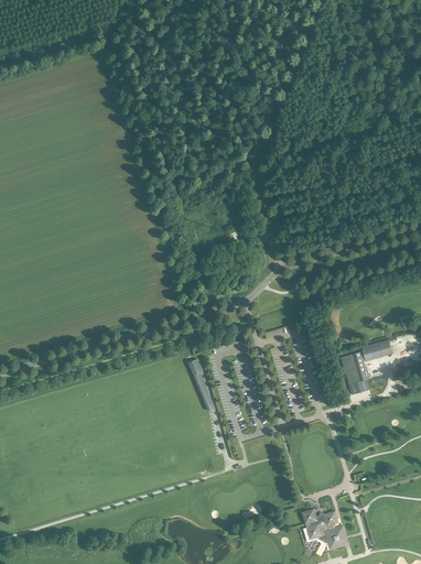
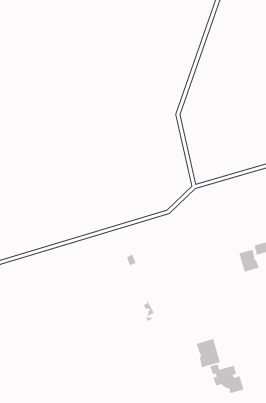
building: none -> [196,338,221,368]

